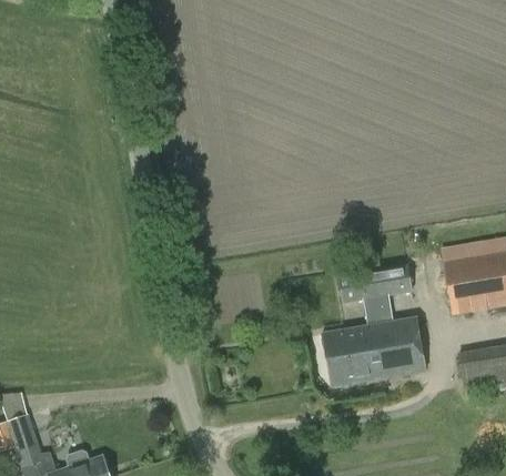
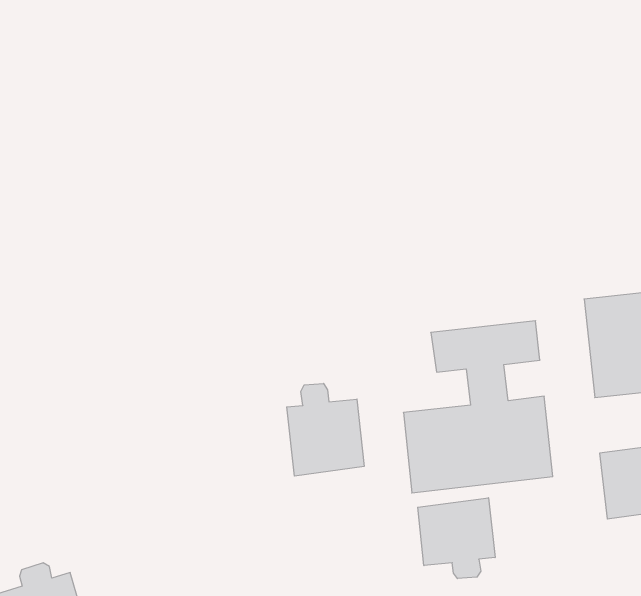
building: none -> [287,383,364,476]
building: none -> [418,498,495,579]

